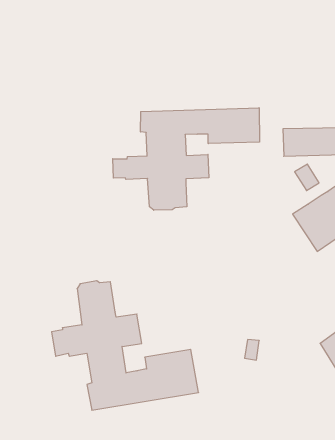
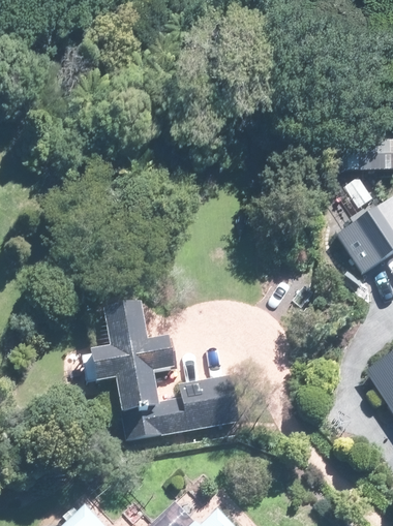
building: [113,108,259,210] -> none

